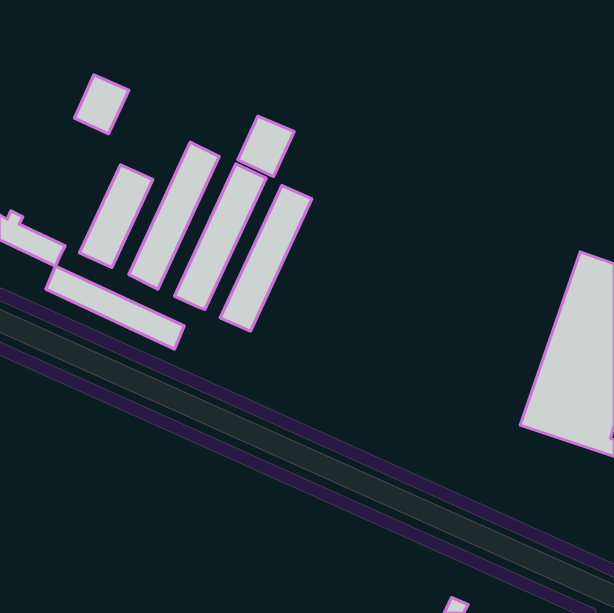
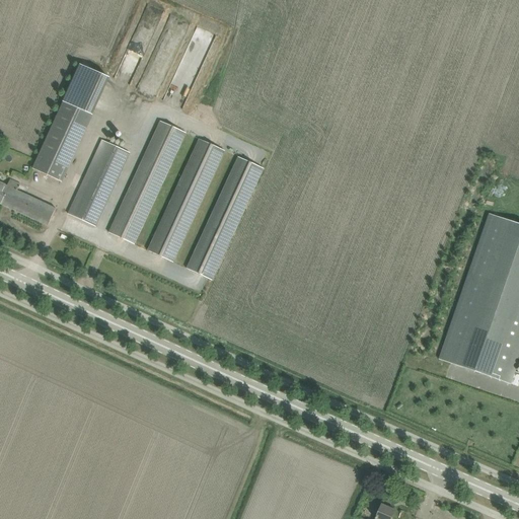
building: [238,116,294,177] -> none
building: none -> [31,99,91,179]
building: [46,266,184,349] -> none

